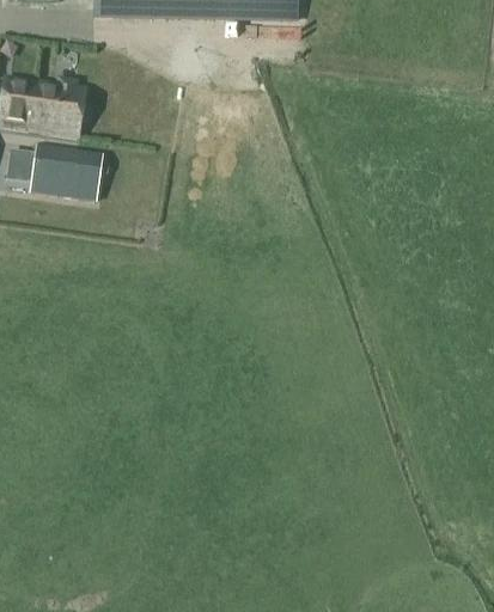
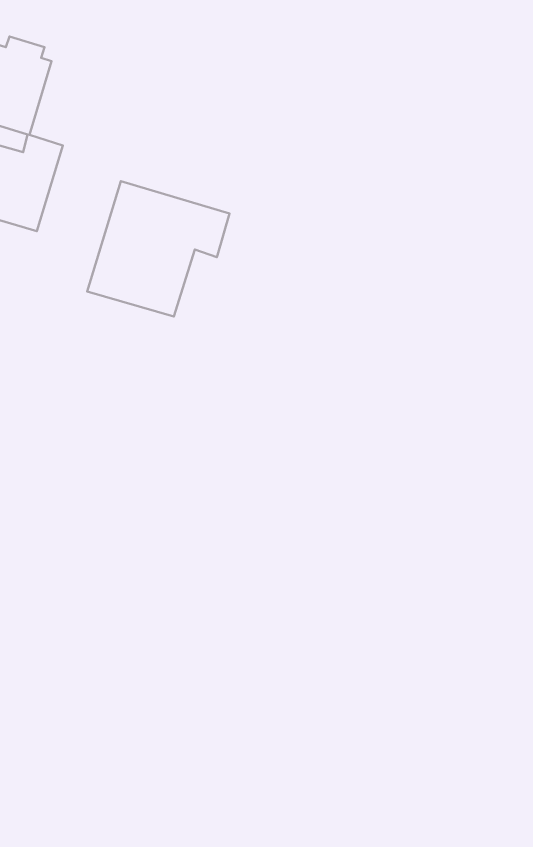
building: none -> [87,181,229,316]

